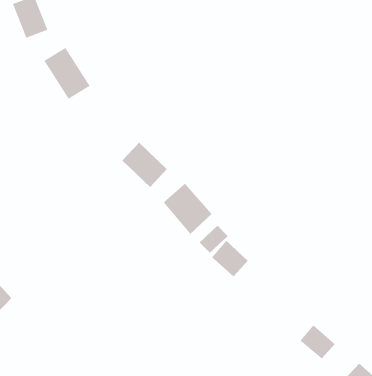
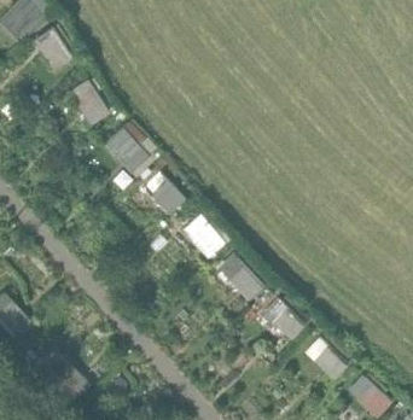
building: none -> [103,123,156,188]
building: none -> [263,299,307,342]

